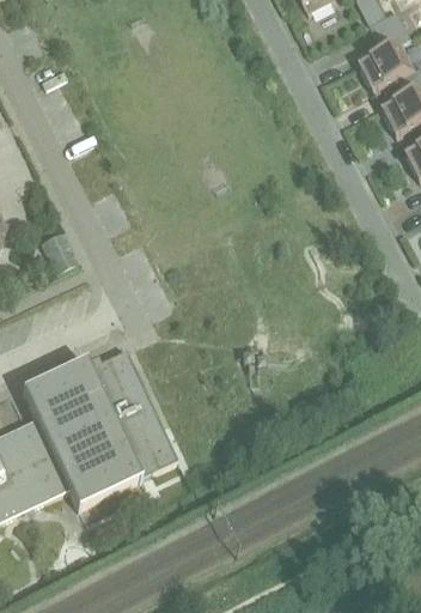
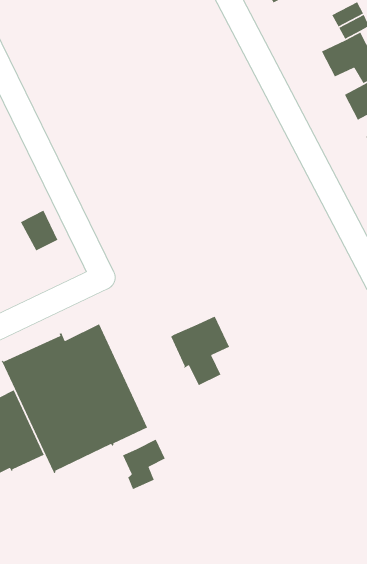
building: none -> [169,316,230,386]
building: none -> [121,438,166,490]

